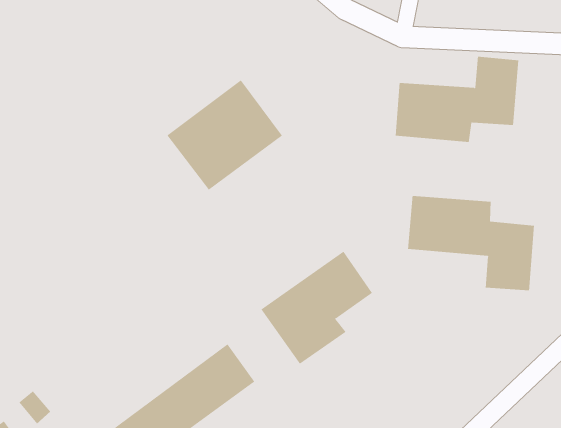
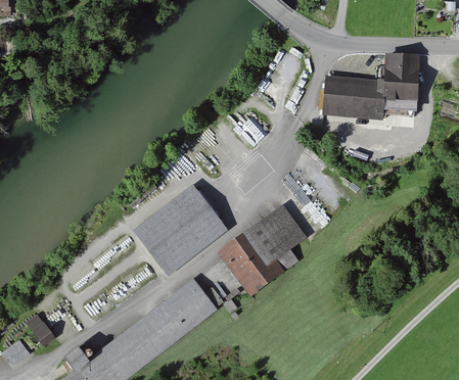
building: [167,79,283,190] -> [135,187,226,274]
building: [408,195,535,291] -> none

